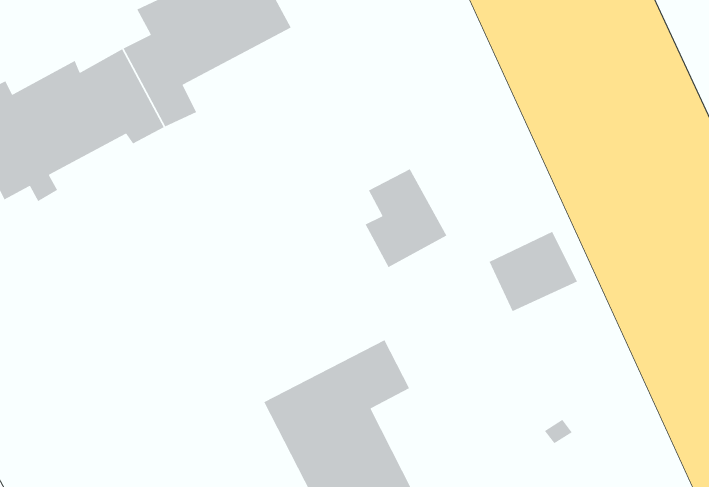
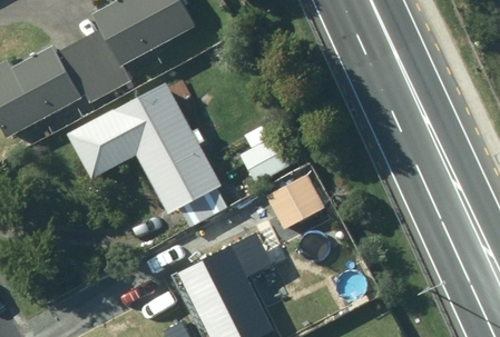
building: none -> [67,82,227,226]
building: [488,231,578,312] -> [267,175,326,228]

